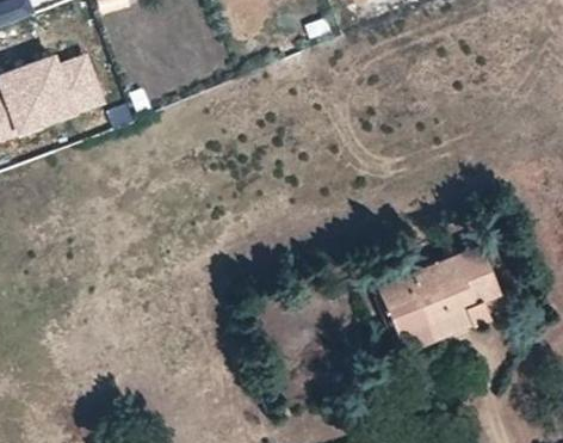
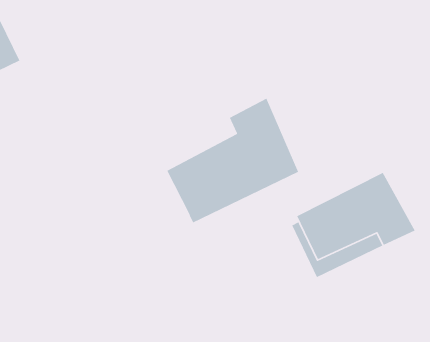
building: none -> [166,97,299,224]

